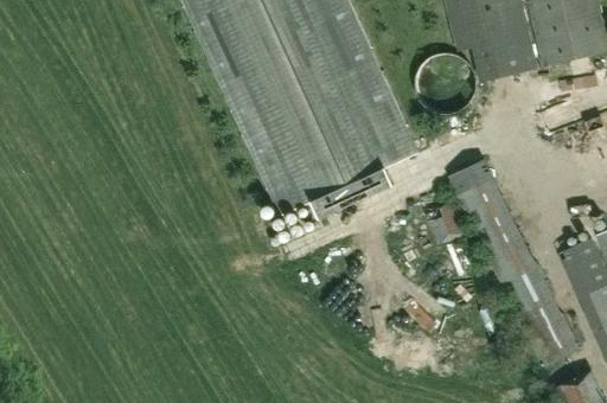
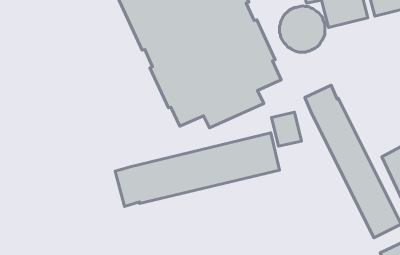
building: none -> [115,133,279,206]

